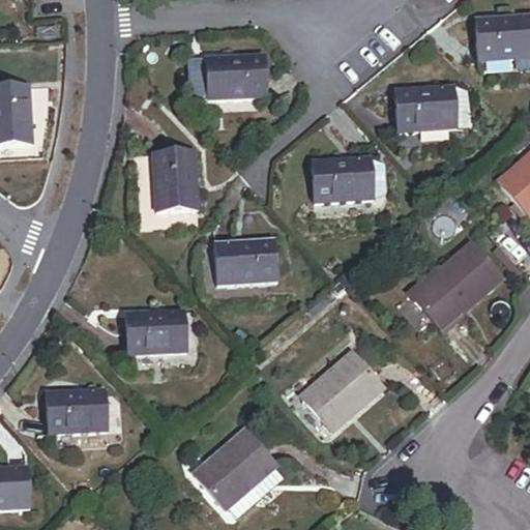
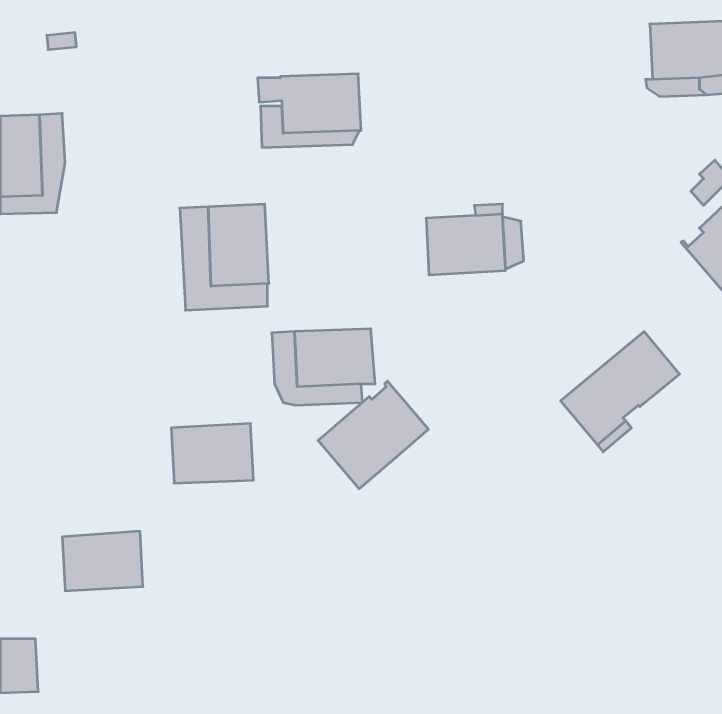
building: [395,87,469,128] -> none
building: [301,350,382,429] -> [318,381,428,489]
building: [195,429,274,506] -> none

